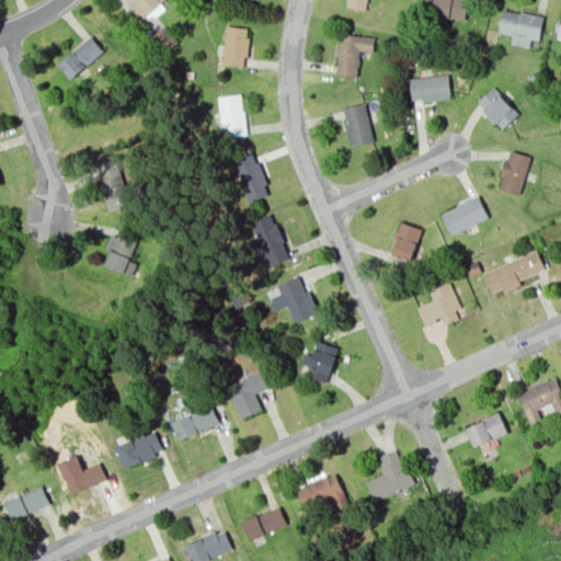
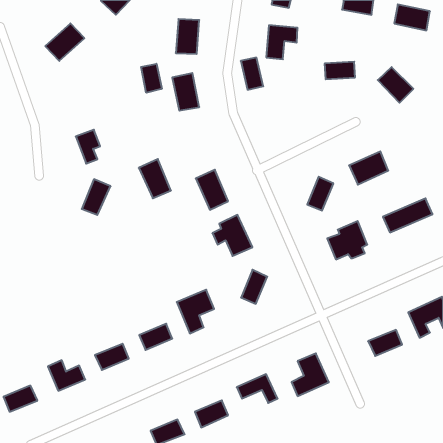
building: none -> [141,64,162,93]
building: [342,107,370,148] -> [241,58,263,90]
building: [496,151,529,196] -> none
building: [230,153,271,203] -> [139,159,171,198]

